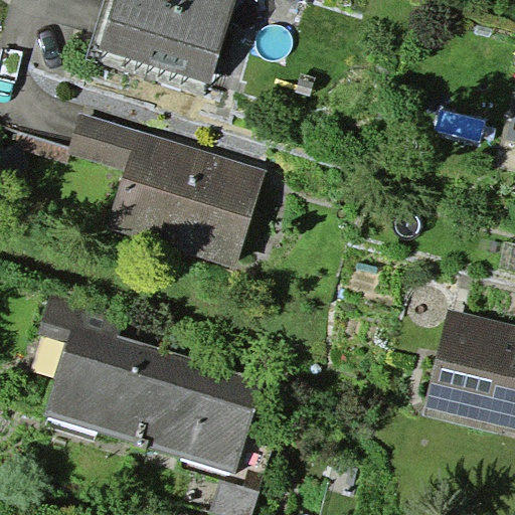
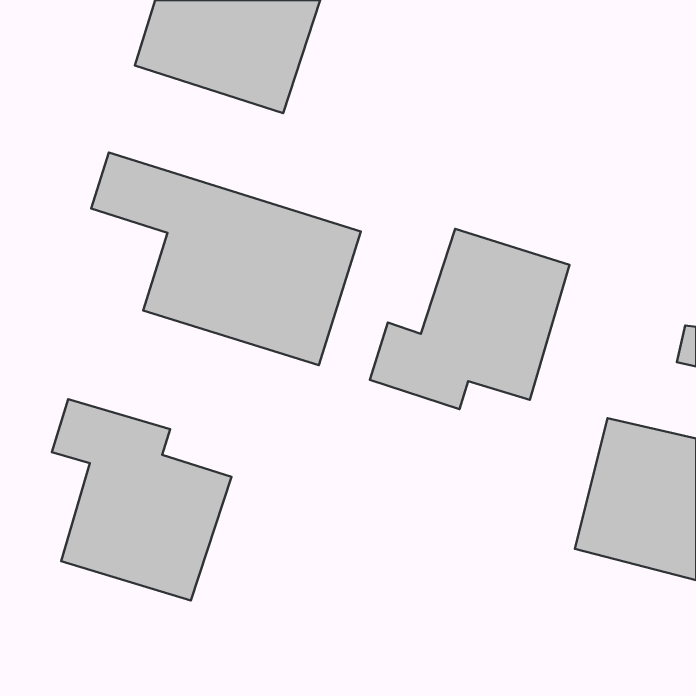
building: none -> [370,229,569,409]
building: [141,352,266,473] -> none

